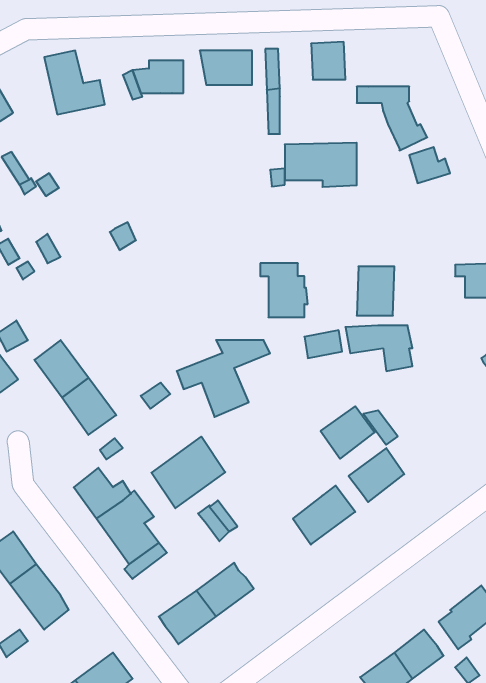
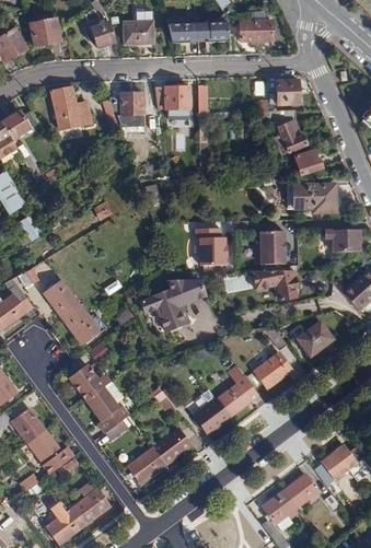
building: [311,42,345,80] -> [277,79,300,104]
building: [285,143,357,187] -> [288,183,336,212]
building: [321,406,375,459] -> [298,320,334,355]
building: [151,437,225,508] -> none
building: none -> [196,398,230,432]

